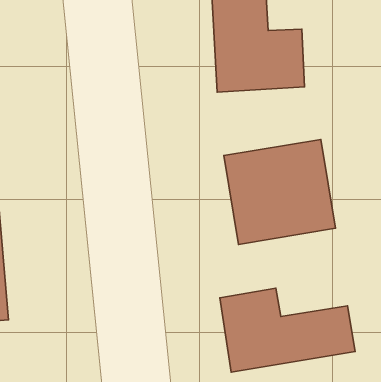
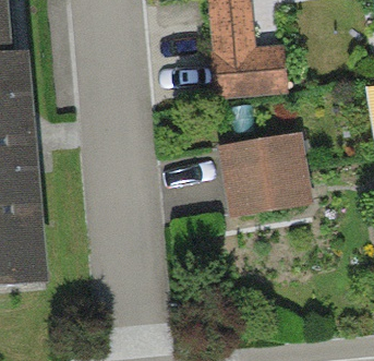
building: [220,288,355,372] -> none

